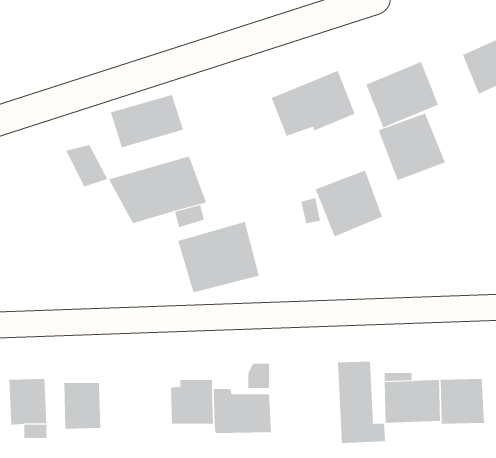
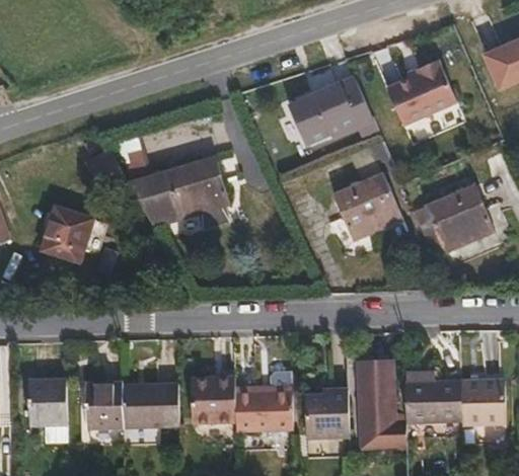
building: [110,94,184,148] -> none
building: [378,113,446,181] -> [424,178,492,246]
building: none -> [42,209,99,268]
building: [178,221,259,293] -> none
building: none -> [121,383,178,427]
building: none -> [303,390,349,433]

